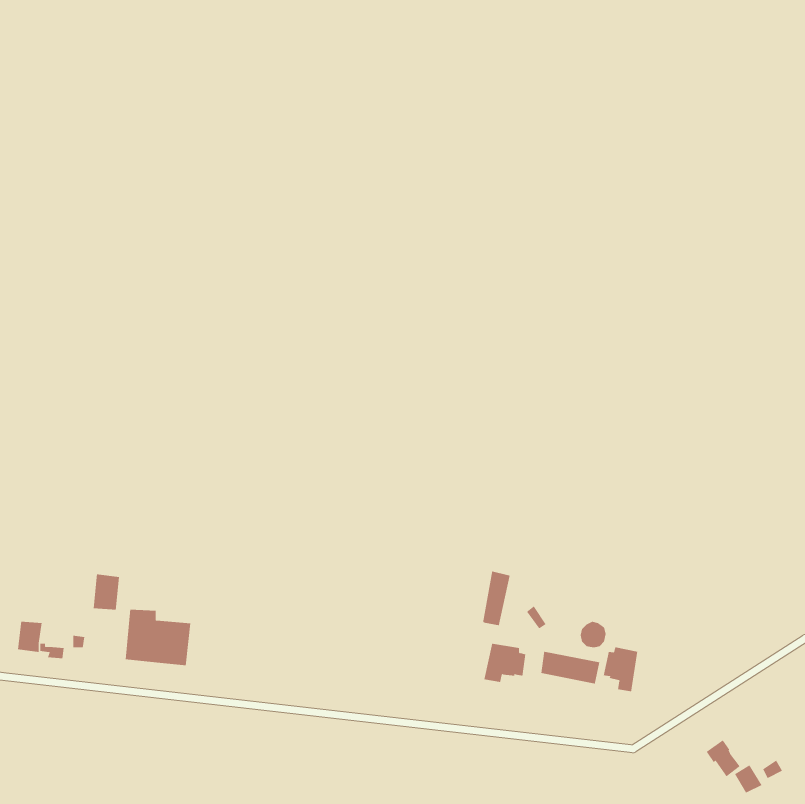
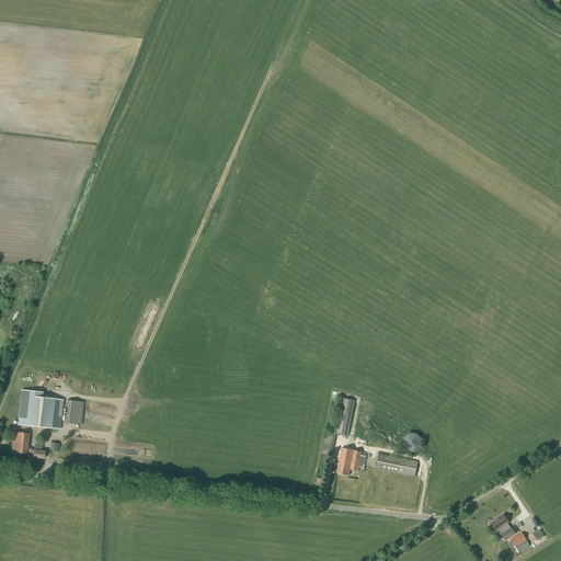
building: [125,609,191,666] -> [16,389,62,428]
building: [603,647,638,692] -> none

